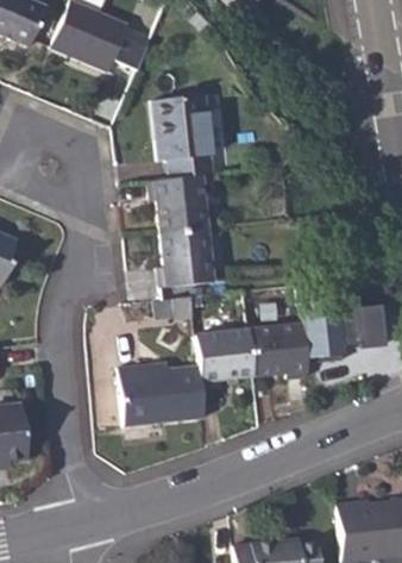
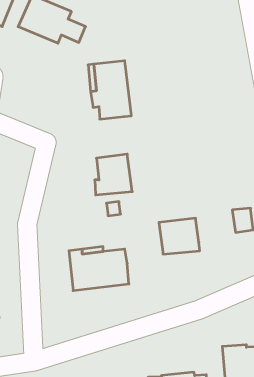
building: [150,174,207,233] -> none
building: [304,311,343,354] -> none
building: [200,325,258,383] -> none

